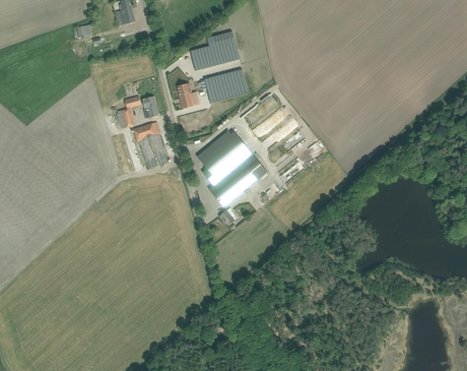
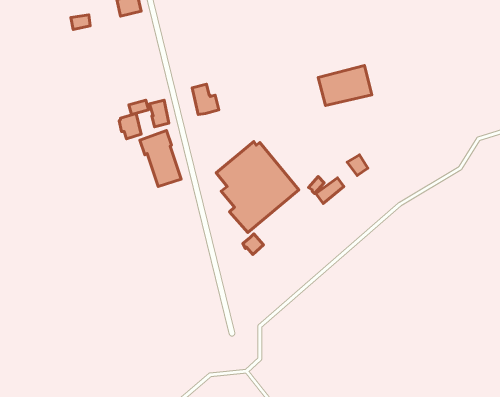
building: [190,30,240,70] -> none
building: [204,68,249,102] -> [318,66,372,106]

